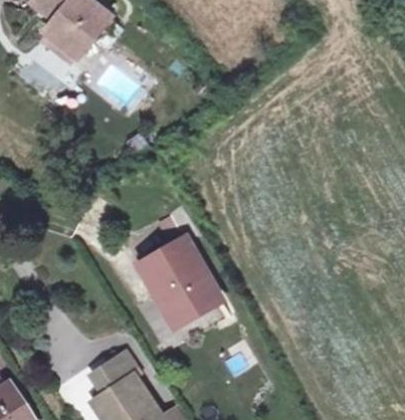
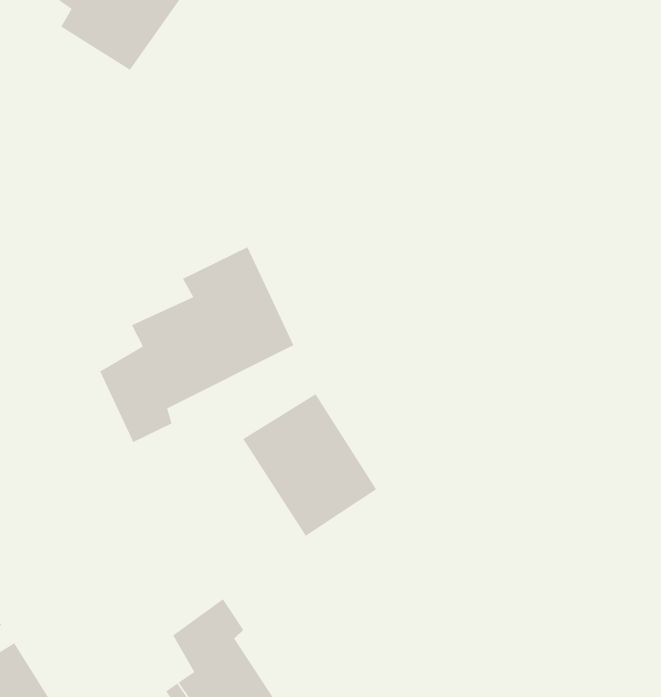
building: none -> [99,246,295,443]

